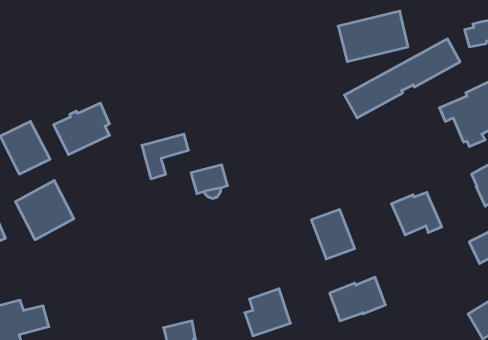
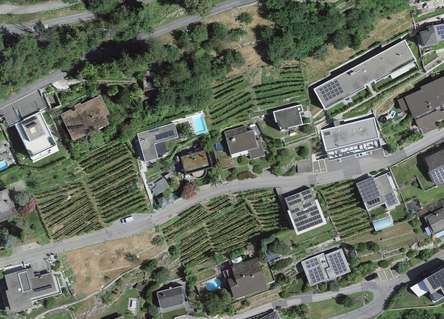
building: [338,11,408,62] -> [320,117,381,161]
building: none -> [273,104,303,131]
building: none -> [224,126,264,159]
building: [15,180,74,240] -> none

